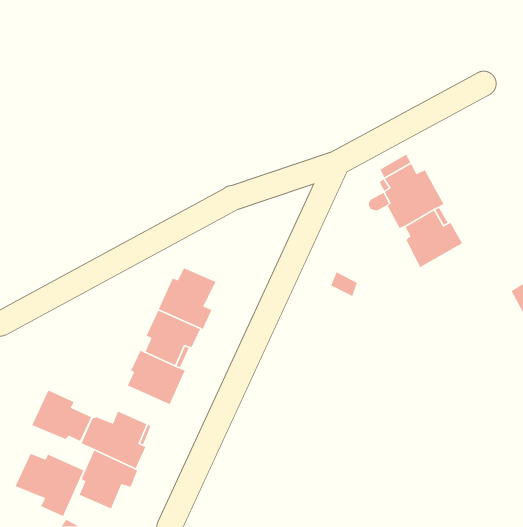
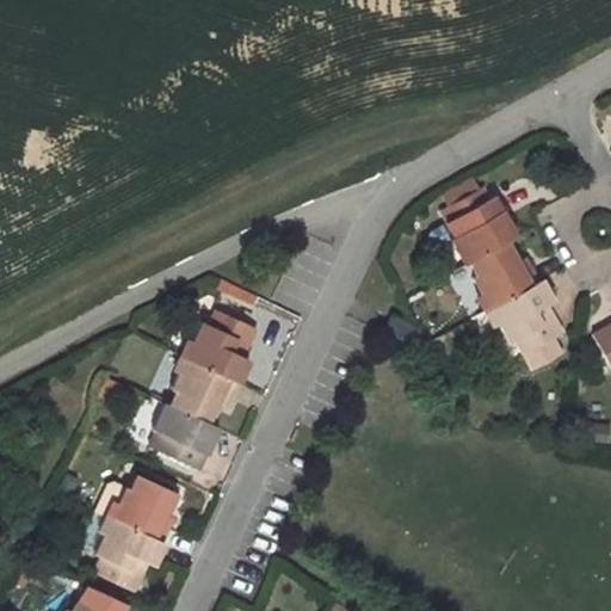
building: none -> [490,282,563,368]
building: [31,389,92,442] -> none
building: [15,453,85,517] -> none

